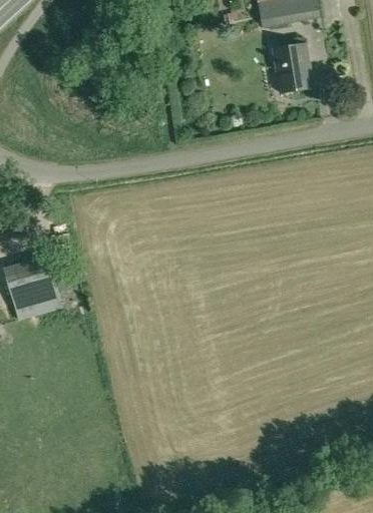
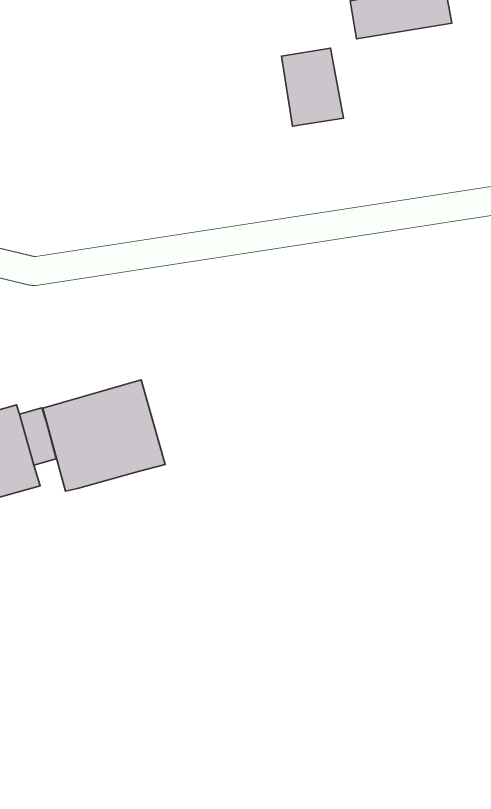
building: [273,43,312,92] -> [281,48,343,126]
building: none -> [43,380,165,491]

